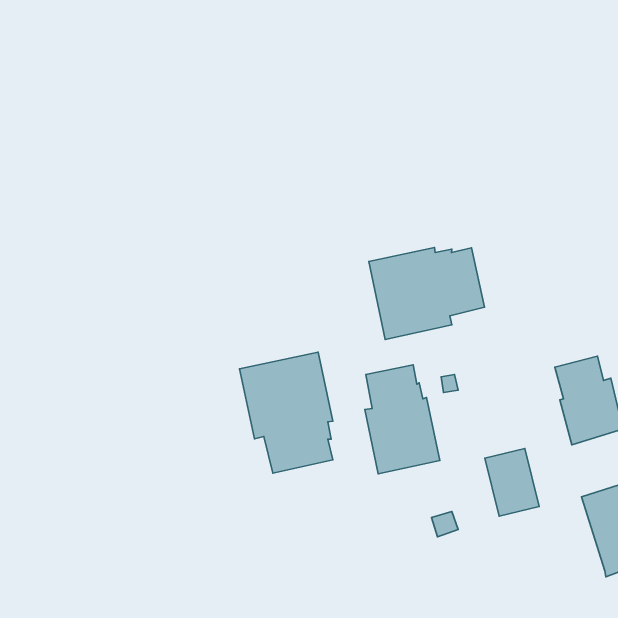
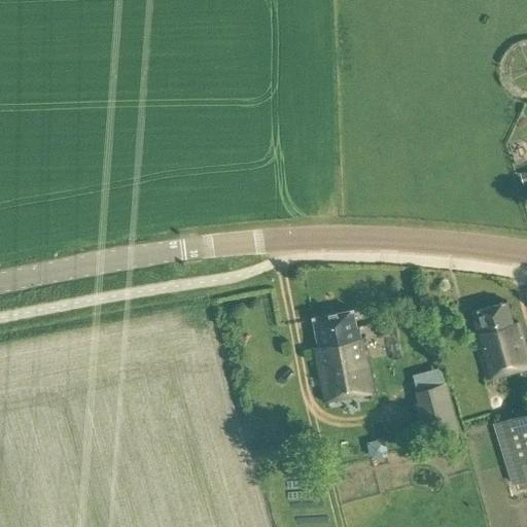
building: [369,248,485,339] -> none
building: [239,352,333,473] -> none

